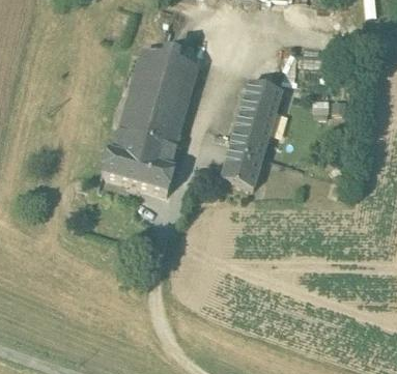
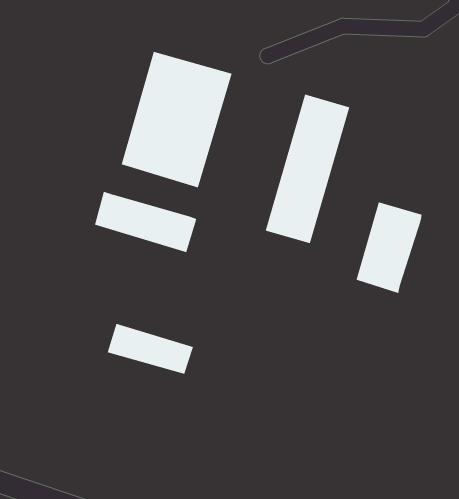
building: [114,125,175,162] -> [107,323,194,375]
building: none -> [356,202,422,294]

